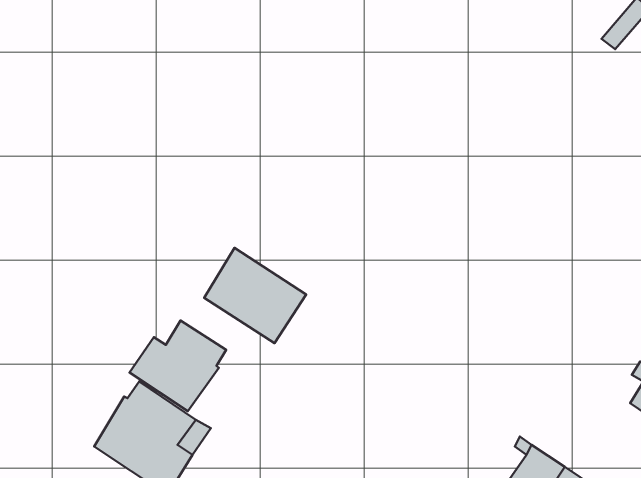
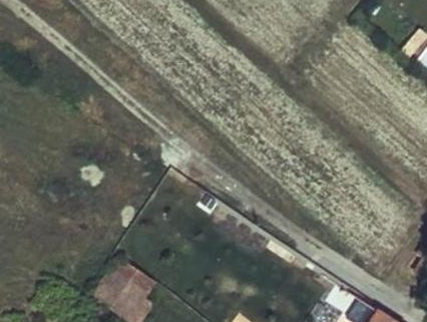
building: [129,321,226,411] -> none

